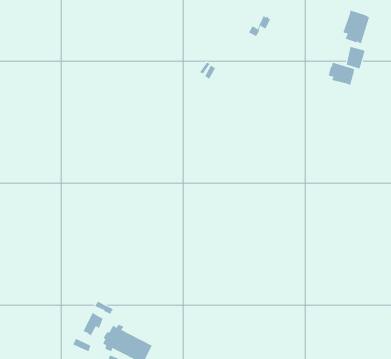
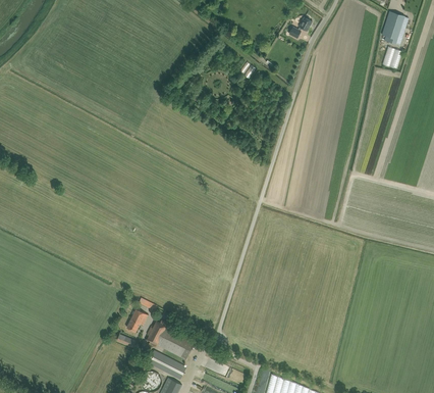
building: [328,62,355,86] -> none

